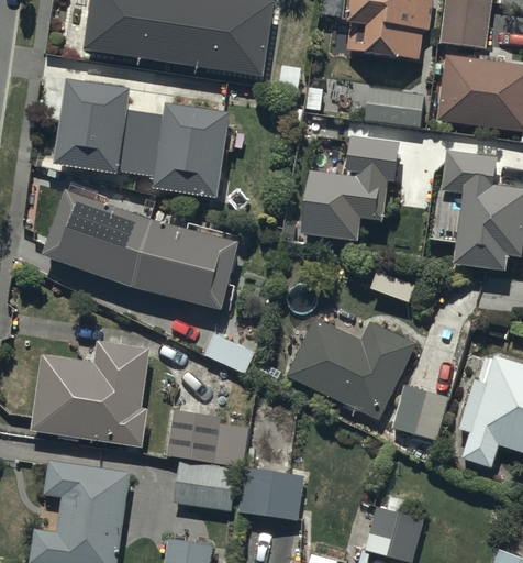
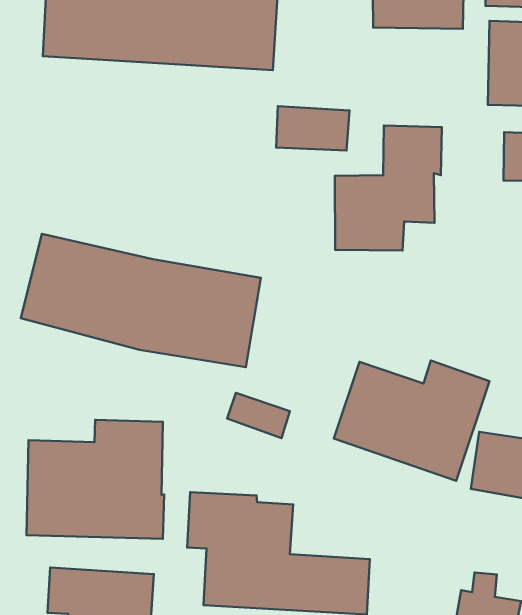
building: [58,81,232,202] -> none
building: [363,88,424,129] -> [276,106,350,151]

